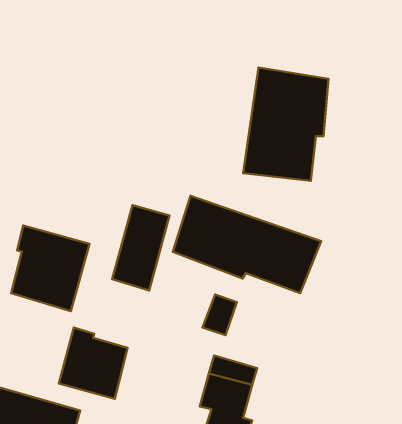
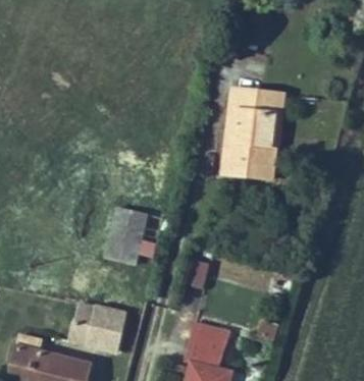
building: [173,196,321,293] -> none
building: [11,225,89,311] -> none

